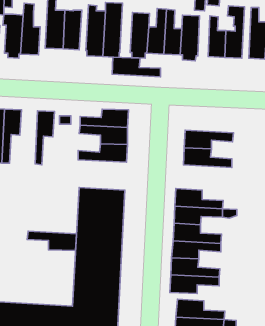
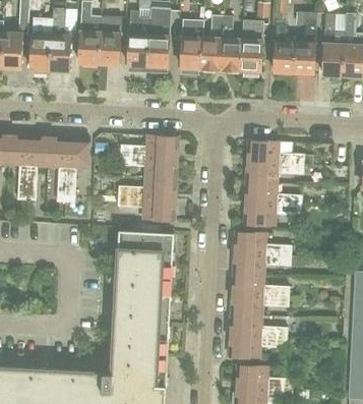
building: [112,57,160,77] -> [246,139,304,163]
building: none -> [48,135,69,200]
building: none -> [243,201,302,224]
building: [27,231,76,251] -> [117,195,176,219]

